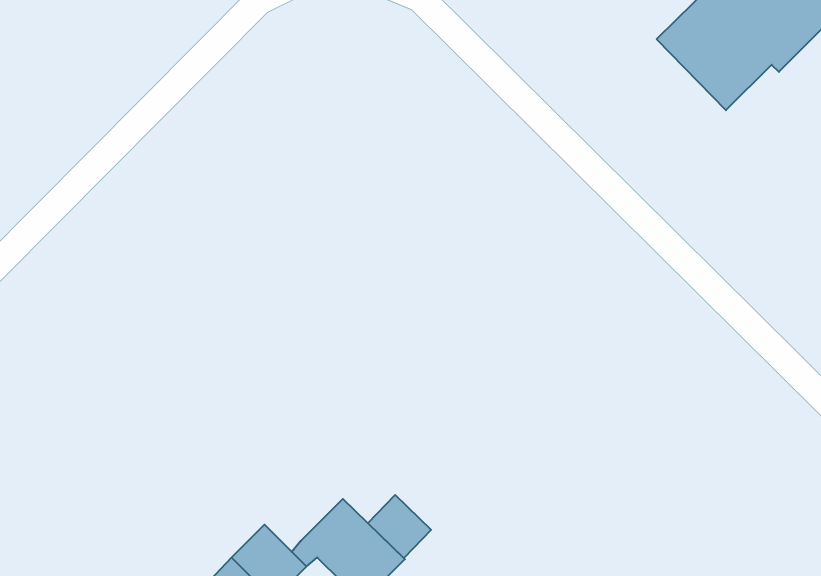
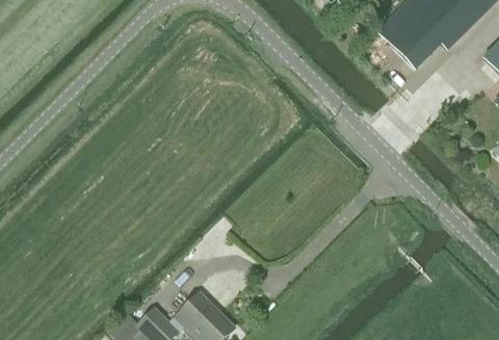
building: [368,495,431,558] -> none

